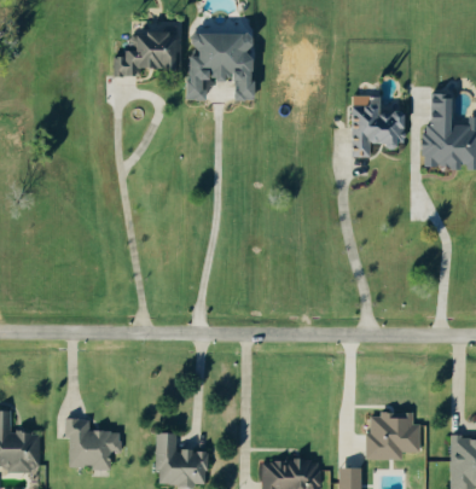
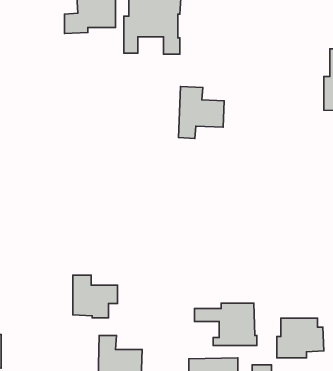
building: [350,94,405,156] -> [178,87,224,138]
building: none -> [194,303,257,345]
building: [68,418,121,468] -> [73,275,118,318]

